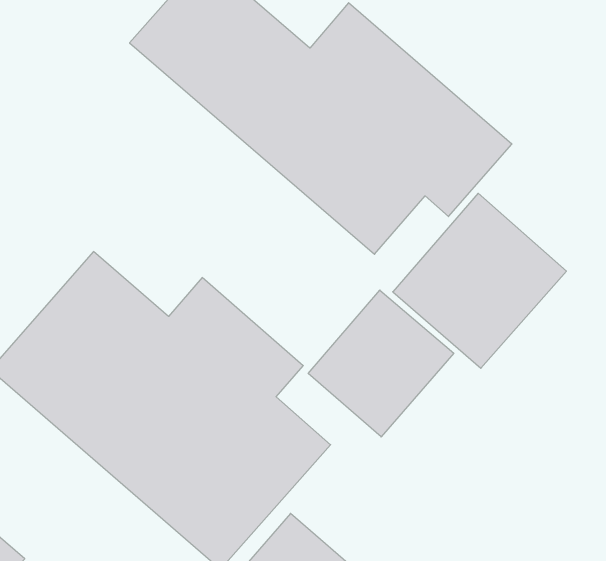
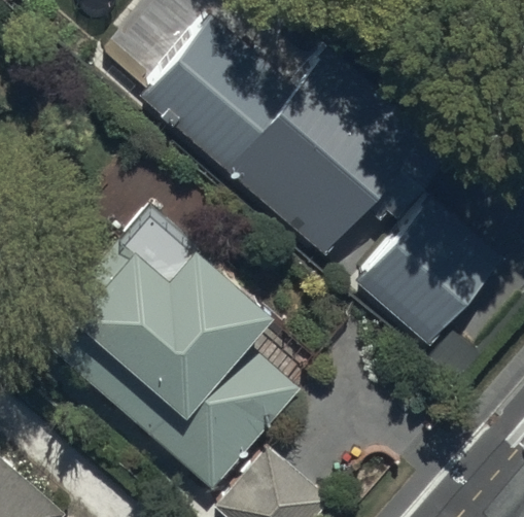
building: [308,290,454,437] -> none

